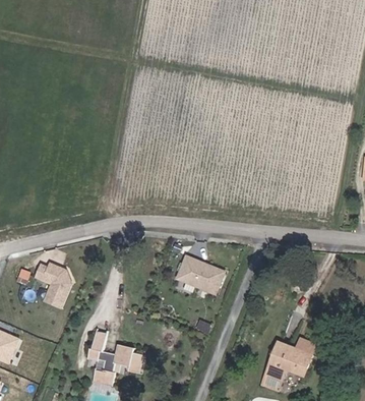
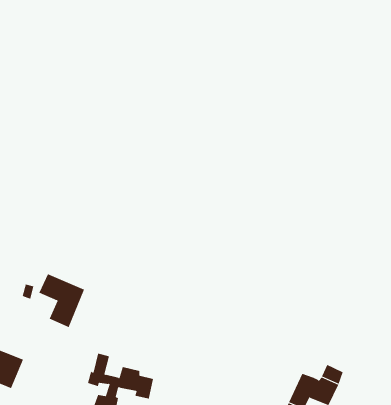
building: [178,256,228,298] -> none

